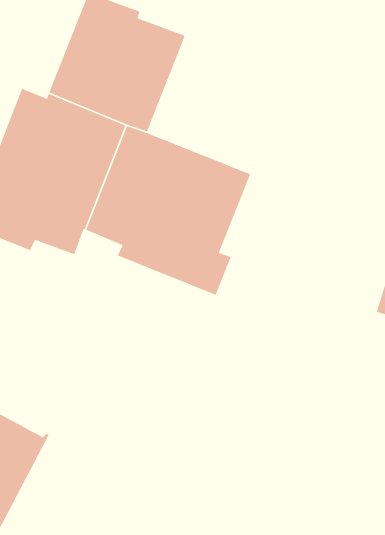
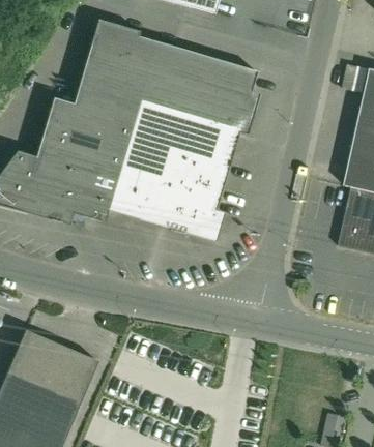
building: none -> [153,46,261,147]

